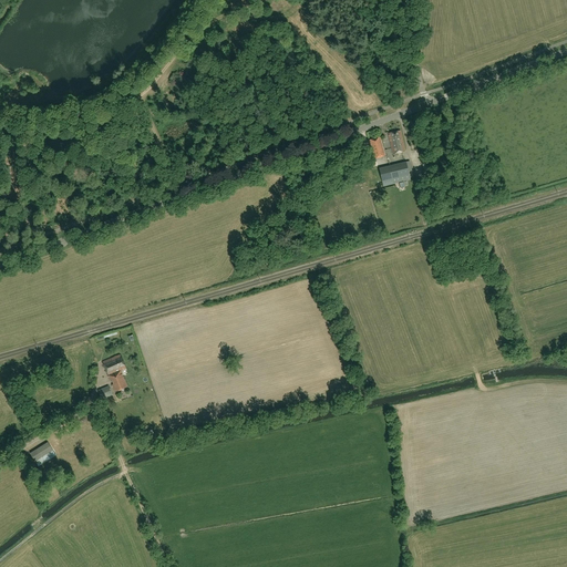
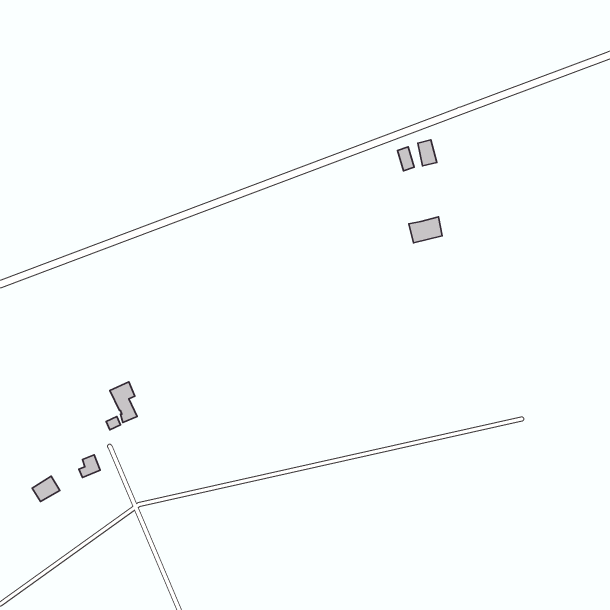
building: [379,162,410,186] -> [409,217,442,243]

